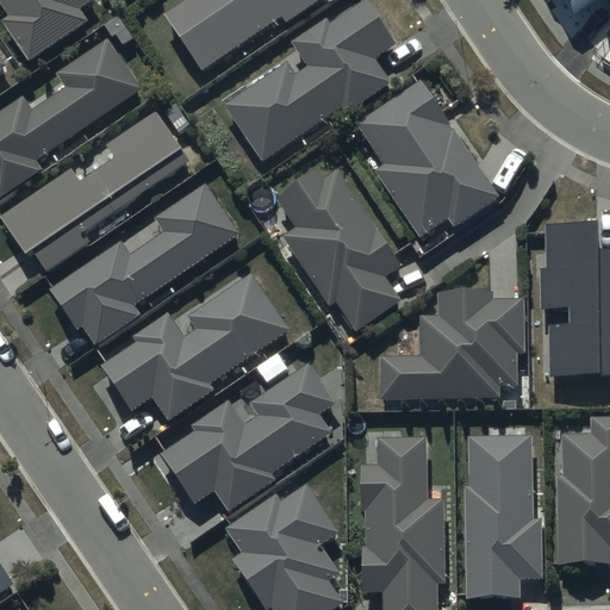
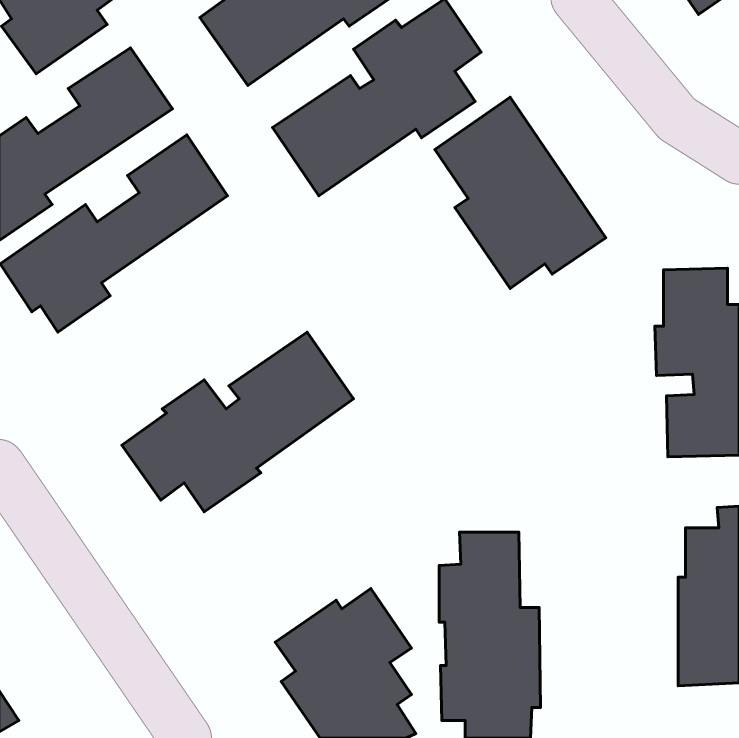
building: [275,168,403,331] -> none
building: [50,182,238,344] -> none
building: [380,291,525,398] -> none
building: [161,363,335,511] -> none
building: [463,435,541,597] -> none

